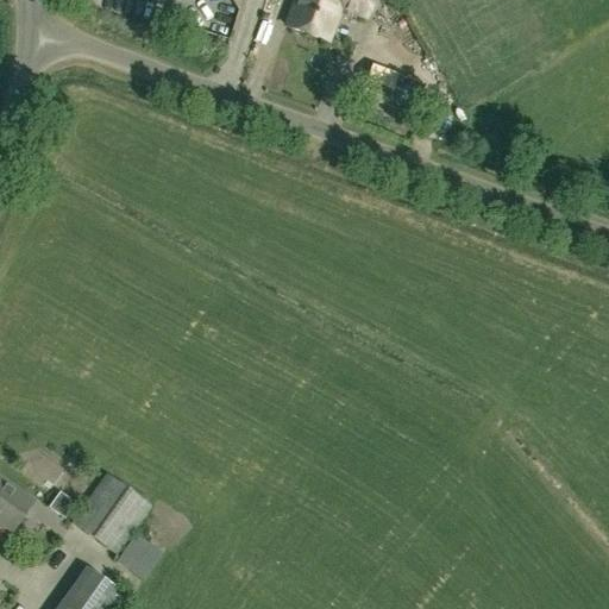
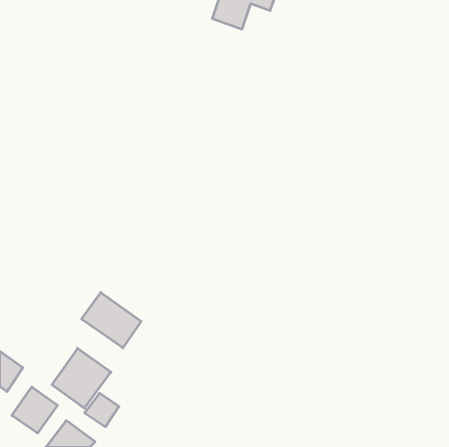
building: none -> [82,292,141,348]
building: none -> [12,387,57,433]

